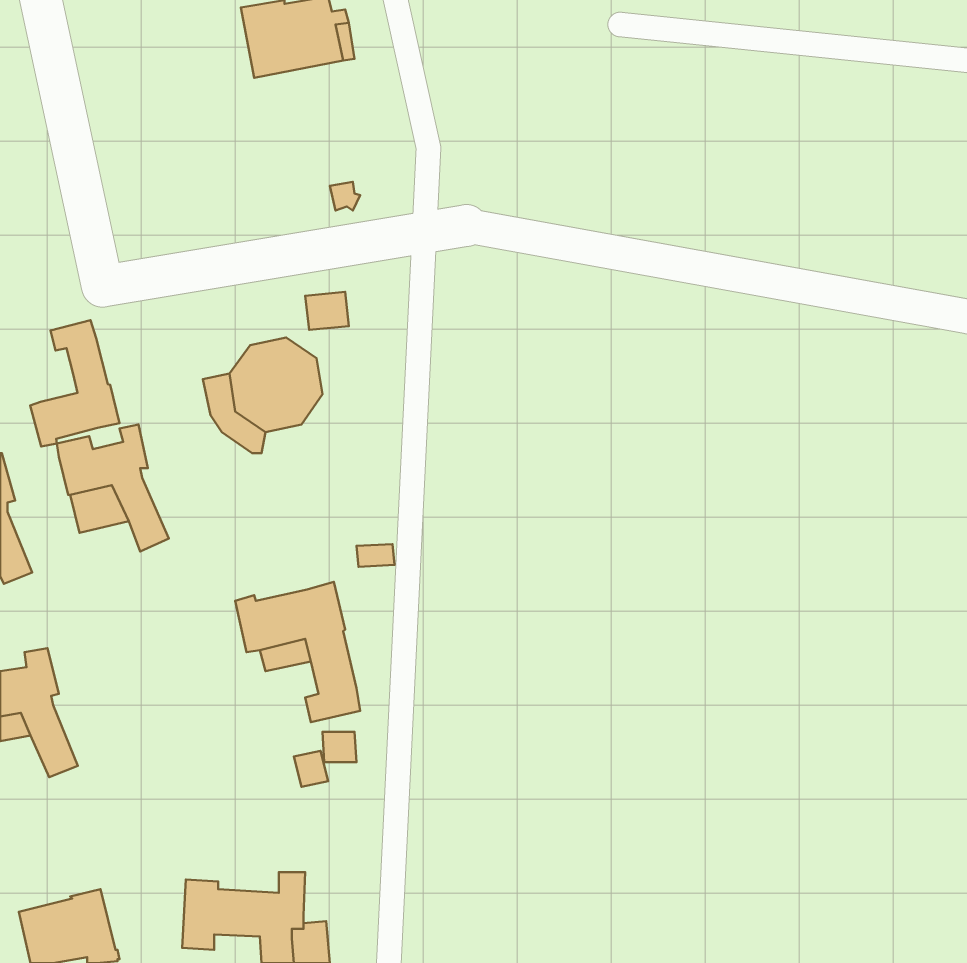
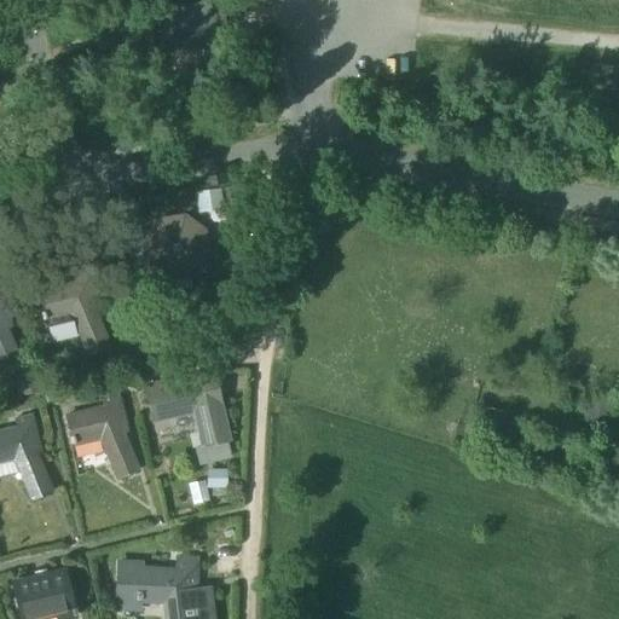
building: [30,320,120,447] -> none
building: none -> [66,393,139,476]

